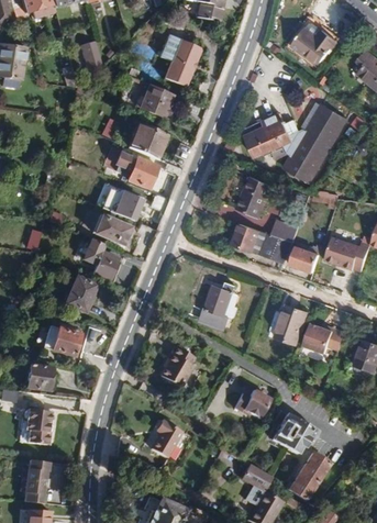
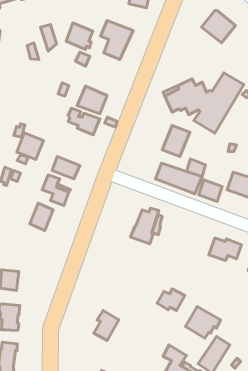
building: [138,84,174,119] -> [66,23,93,50]
building: [109,186,144,221] -> [17,133,43,160]
building: [274,304,307,344] -> none
building: [43,325,80,356] -> none
building: [158,345,195,387] -> none

